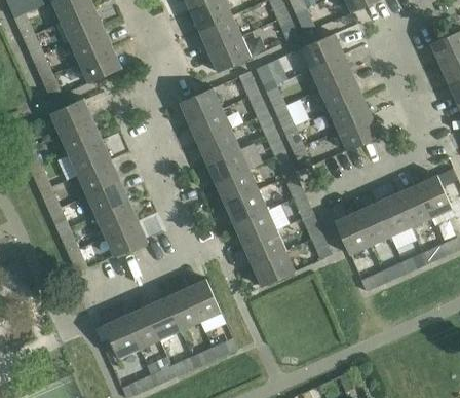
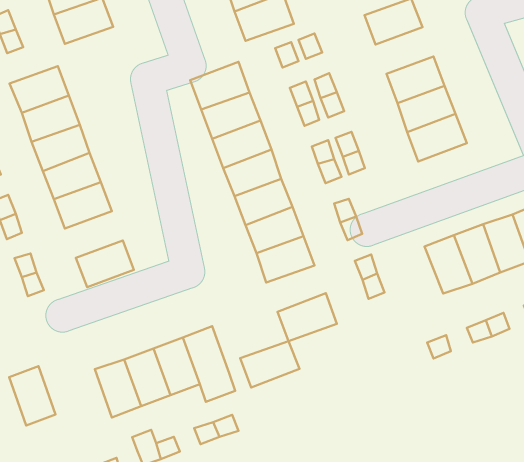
building: [310,55,352,89] -> none
building: [95,201,138,236] -> none
building: [334,212,370,254] -> none
building: [242,230,285,265] -> [240,341,300,387]
building: [103,315,138,358] -> [9,366,56,425]

